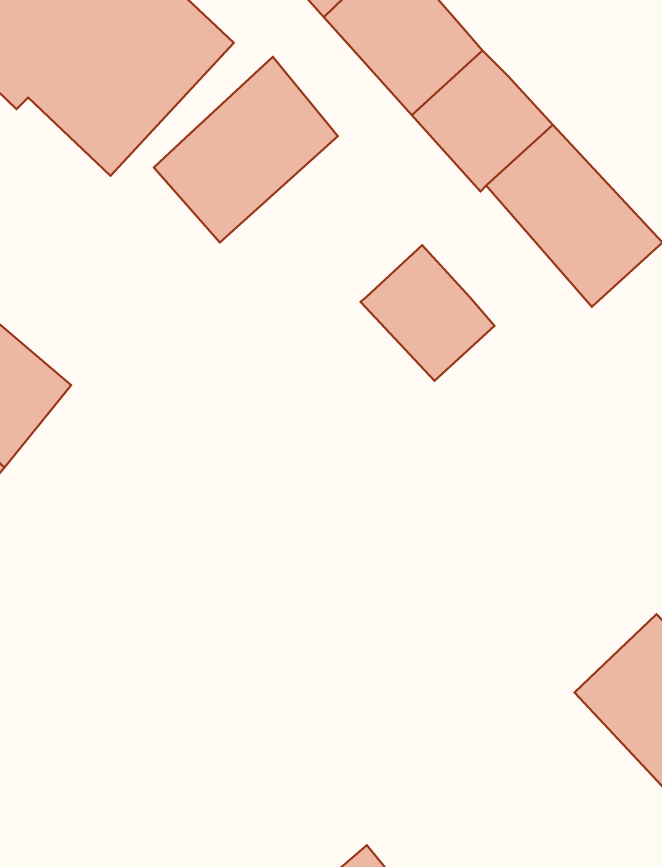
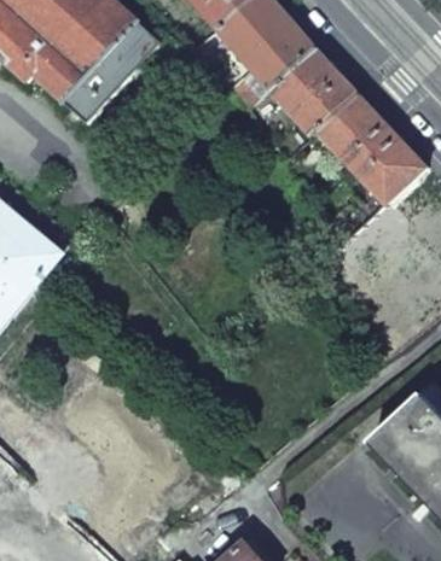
building: [154,57,338,242] -> none
building: [361,245,494,381] -> none

